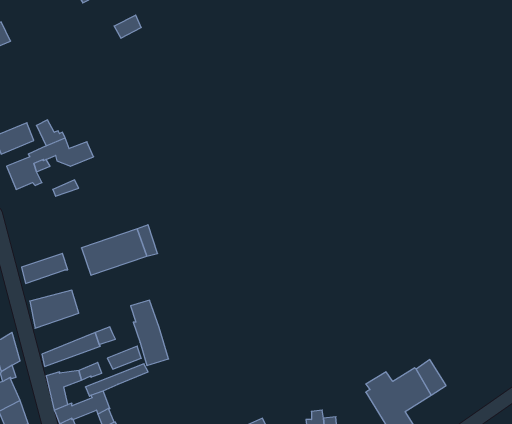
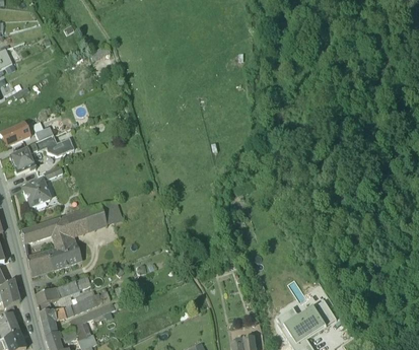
building: none -> [20,178,52,208]
building: [131,300,169,366] -> [51,216,79,265]

